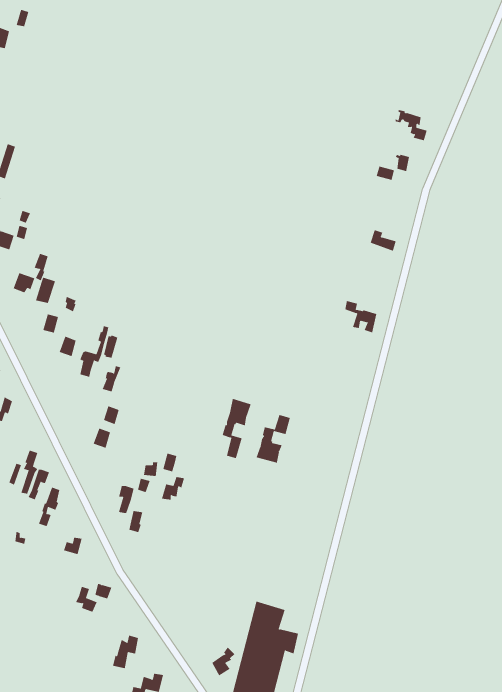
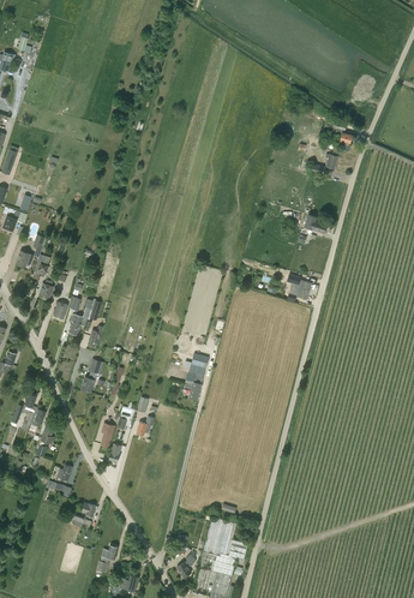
building: [256,414,290,463] -> none

